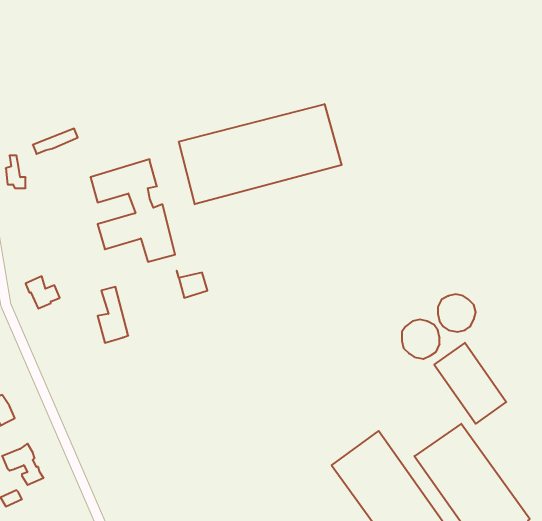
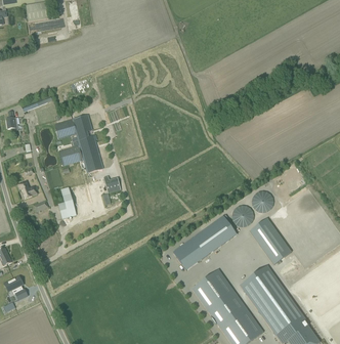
building: [179,104,342,204] -> none
building: none -> [172,215,237,261]

